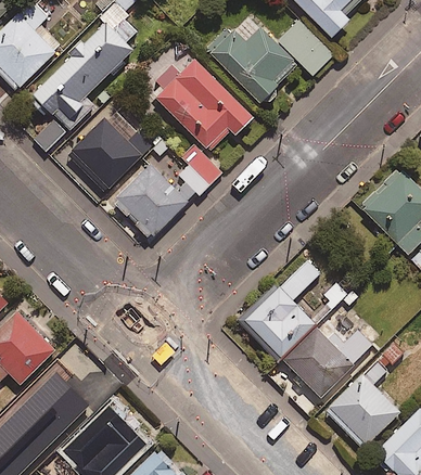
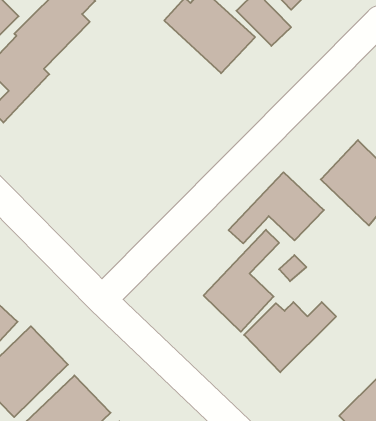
building: [155,61,252,151] -> none
building: [66,117,150,192] -> none
building: [112,144,220,240] -> none
building: none -> [229,172,324,243]
building: [336,365,407,436] -> none

